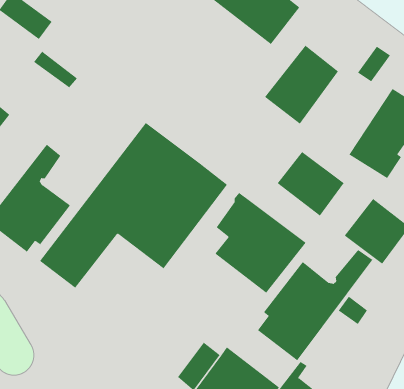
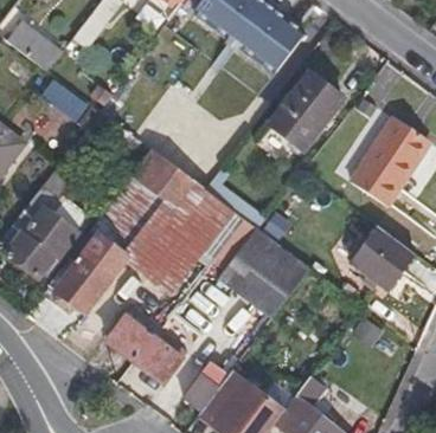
building: [277,151,344,216] -> none
building: [257,249,373,361] -> none
building: none -> [108,319,181,384]

